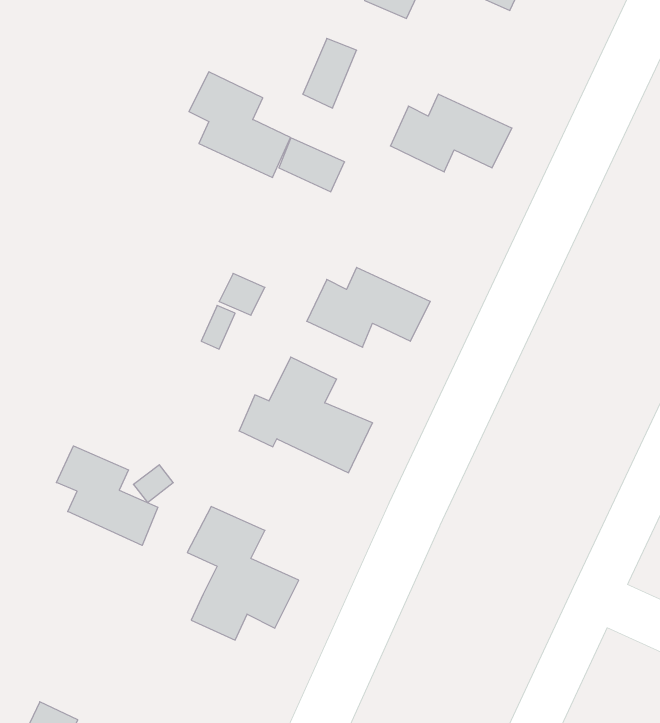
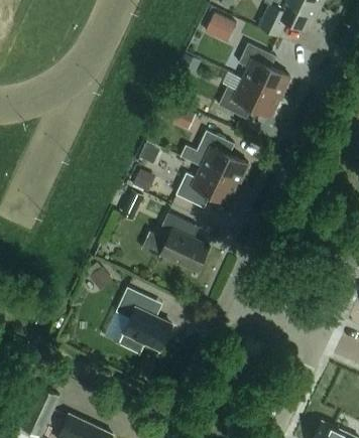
building: none -> [239,43,289,97]
building: [189,72,291,177] -> [197,131,248,184]
building: [56,446,158,545] -> none

